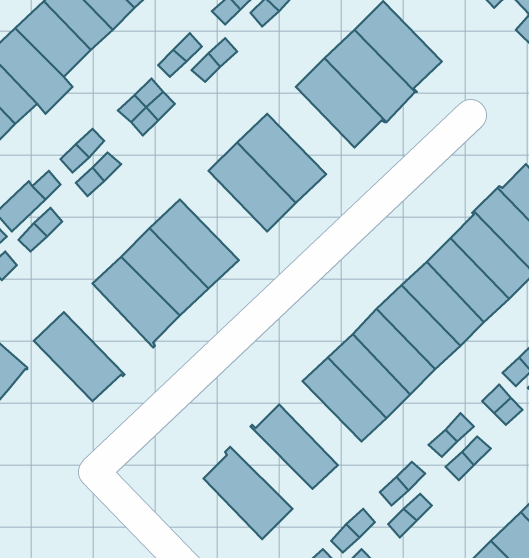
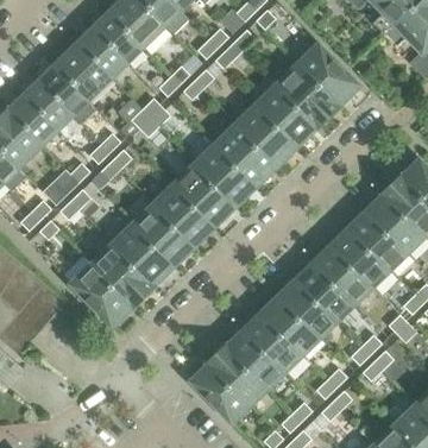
building: none -> [234,105,296,166]
building: none -> [172,164,234,227]
building: none -> [90,244,153,308]
building: none -> [243,313,301,372]
building: none -> [208,345,266,403]

